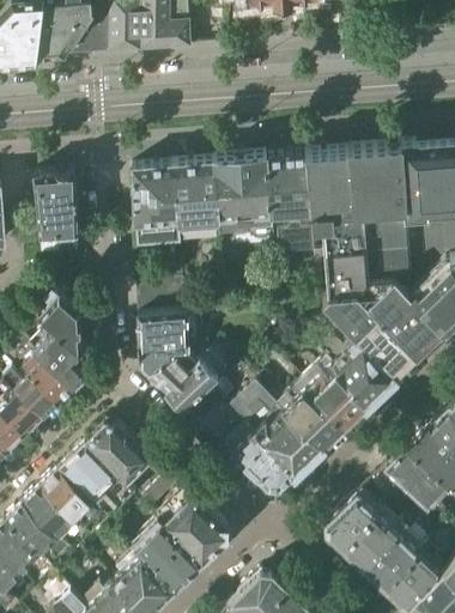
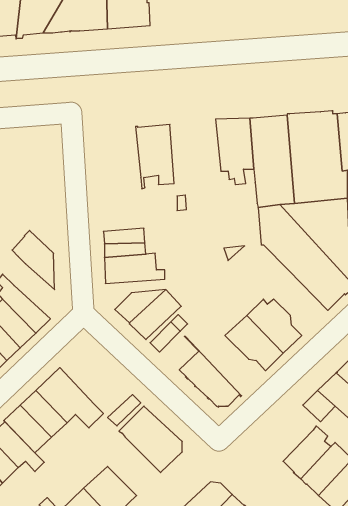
building: [213,157,273,237] -> none
building: [132,165,180,237] -> none
building: [34,174,78,254] -> none
building: [281,230,314,256] -> none
building: [34,323,81,387] -> none
building: [321,330,396,408] -> none
building: [138,341,208,377] -> none
building: [231,383,324,475] -> none
building: [86,425,152,485] -> none
building: [326,496,378,551] -> none
building: [134,523,202,590] -> none

